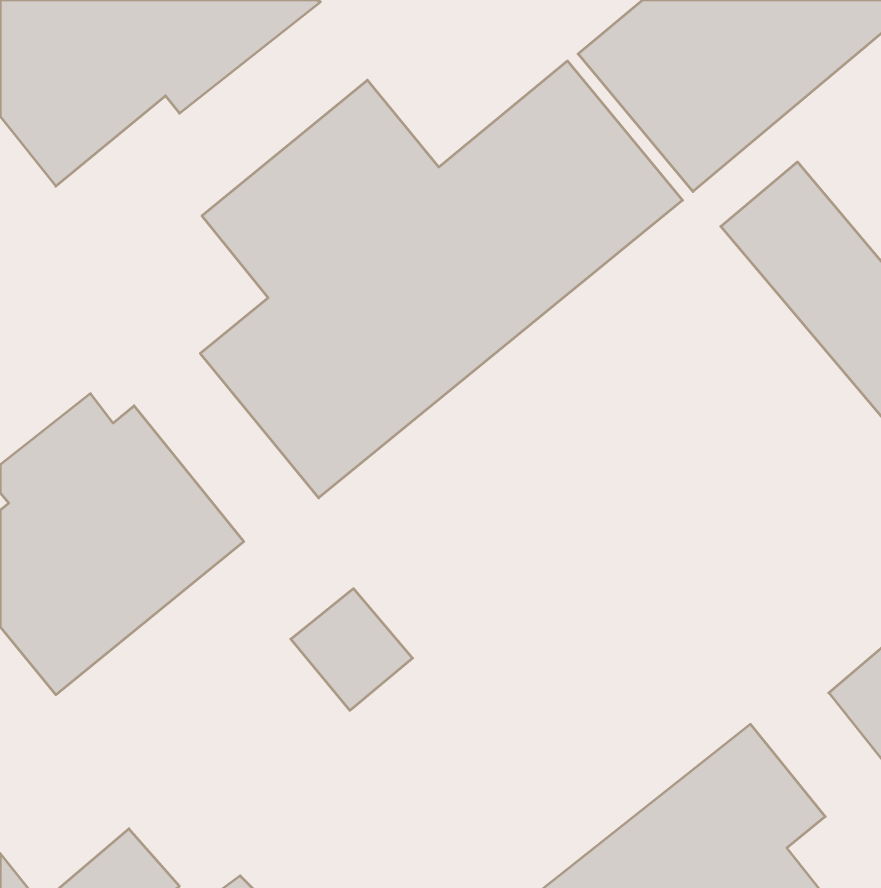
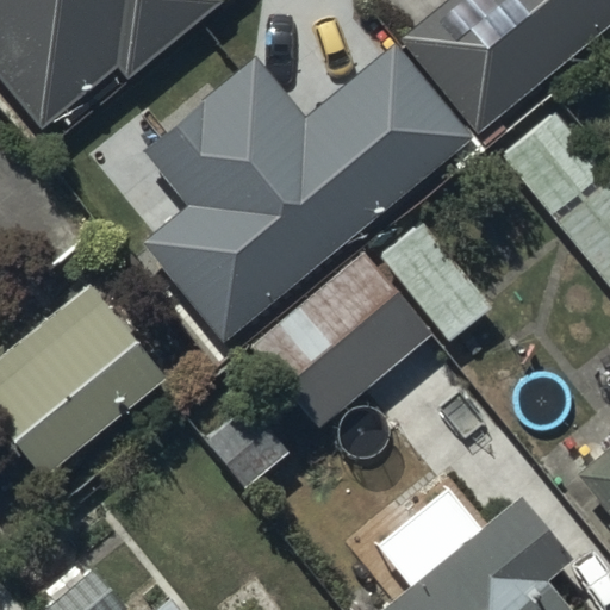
building: none -> [250,224,493,429]

